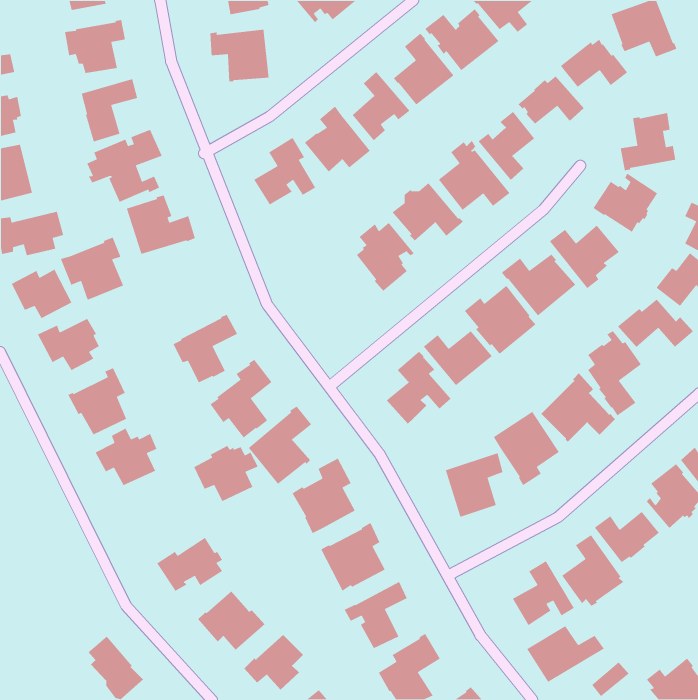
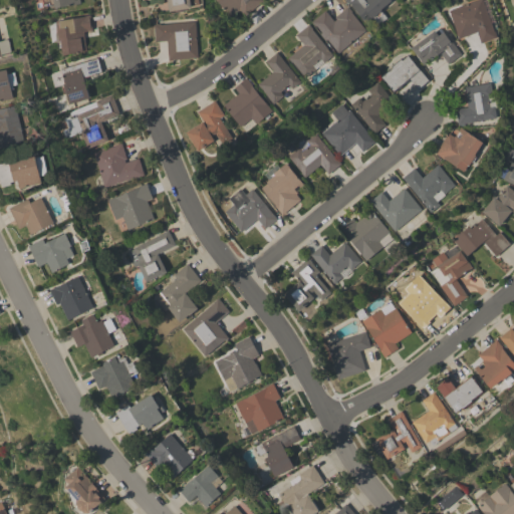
building: [60,237,124,301] -> [107,183,155,230]
building: none -> [225,189,277,232]
building: [193,445,259,502] -> [91,355,140,398]
building: [526,625,605,683] -> none

